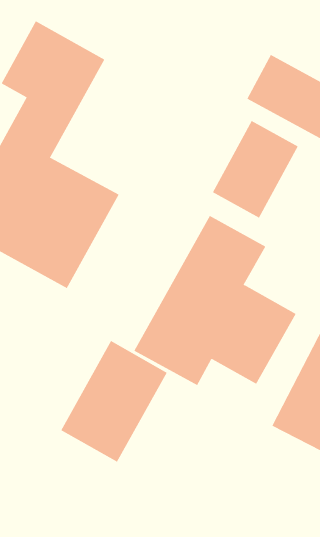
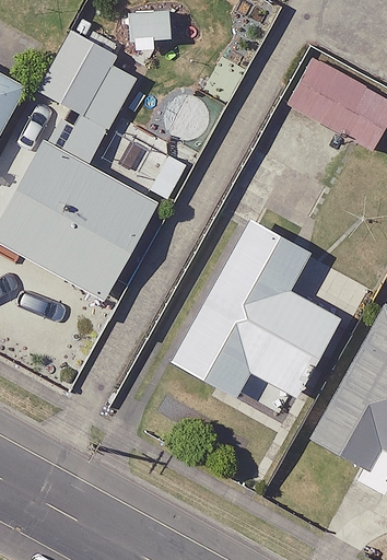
building: [212,120,298,218] -> none
building: [60,340,168,463] -> none

